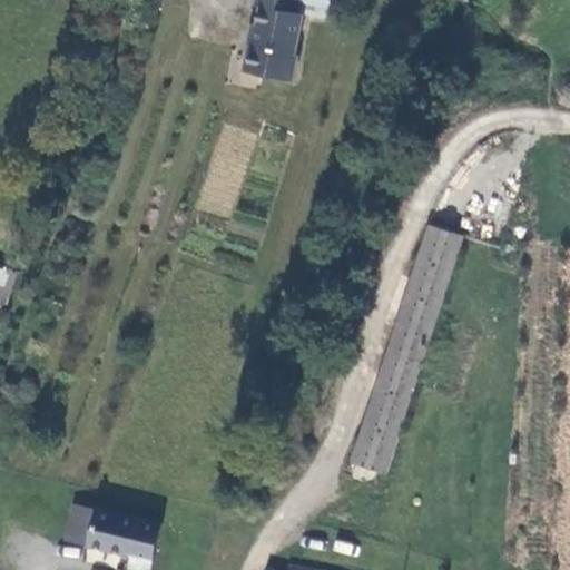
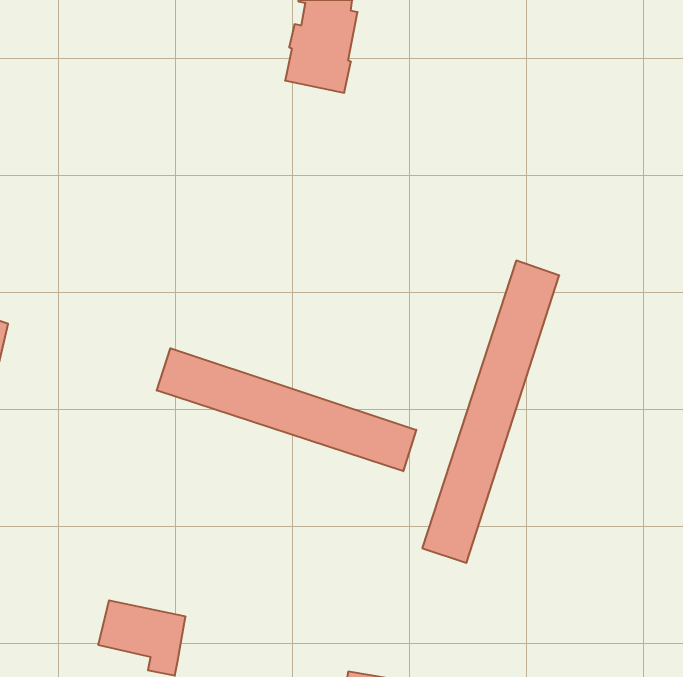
building: none -> [157,348,416,471]

